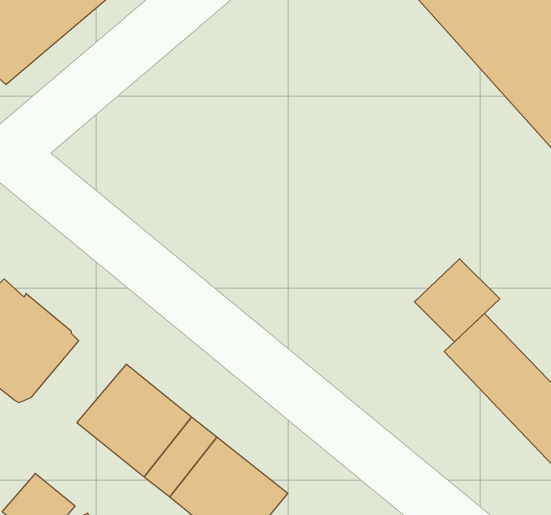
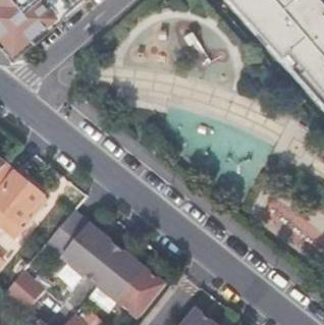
building: [414,259,500,342] -> none

